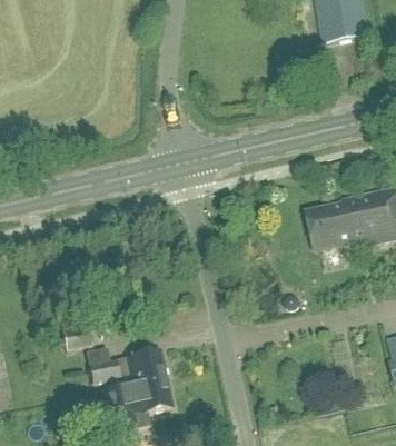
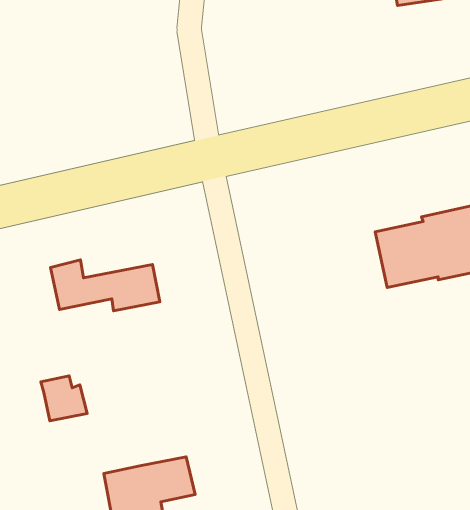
building: [85,345,166,383] -> [50,260,160,311]

